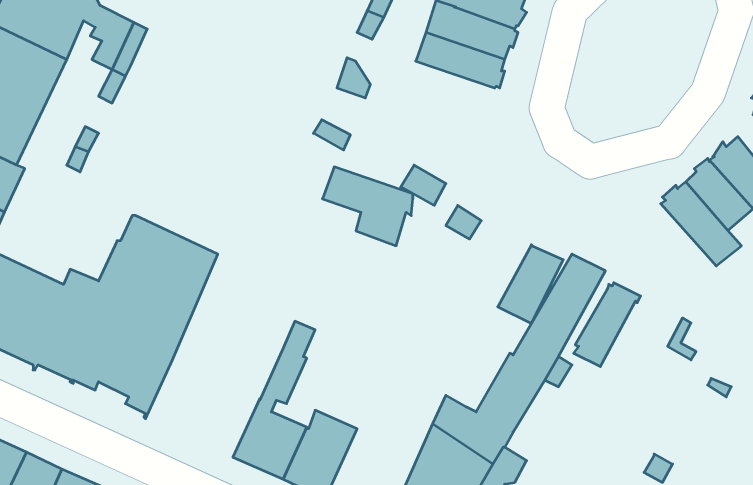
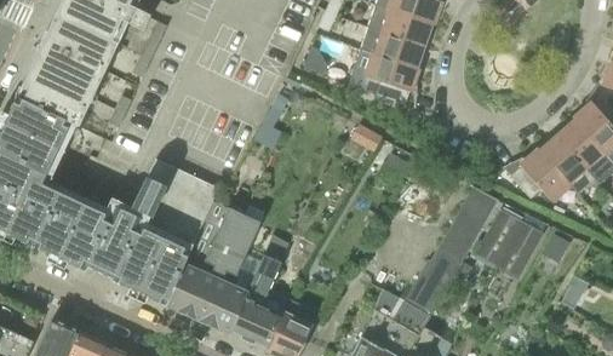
building: [322,167,413,246] -> [351,48,417,105]
building: none -> [509,150,567,201]
building: [498,245,563,324] -> [494,222,542,279]
building: none -> [165,203,264,334]

